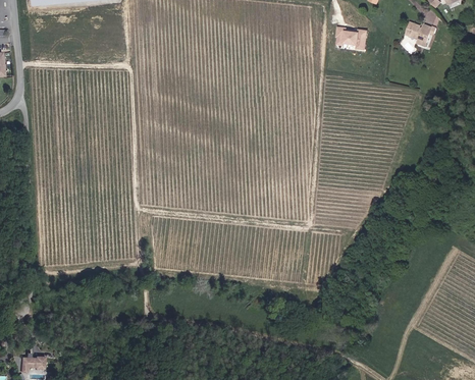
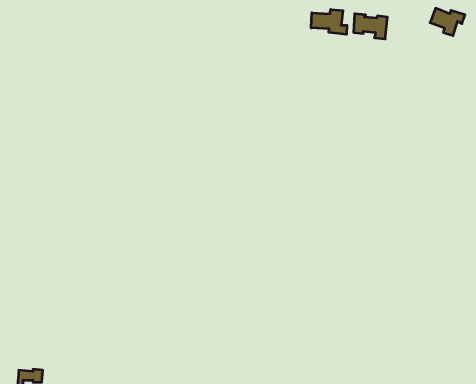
building: none -> [311,9,347,34]

